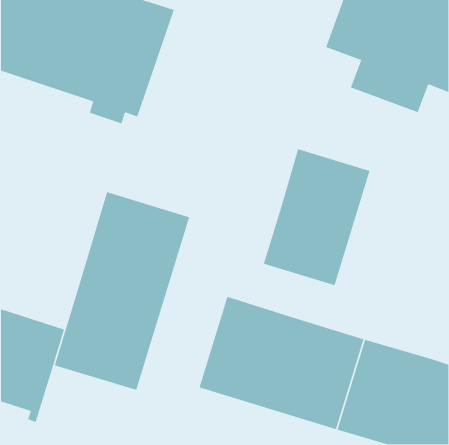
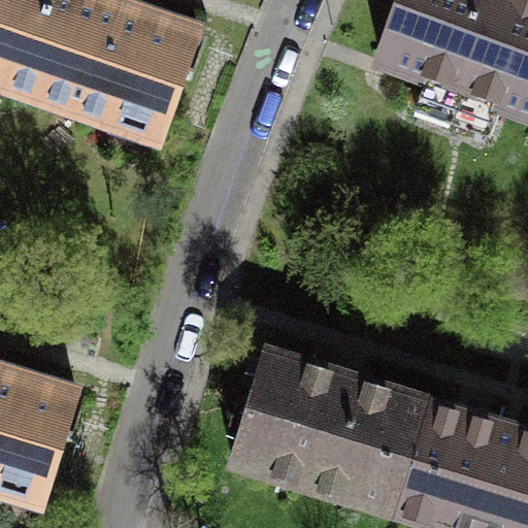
building: [263,148,370,286] -> none
building: [54,191,190,391] -> none

